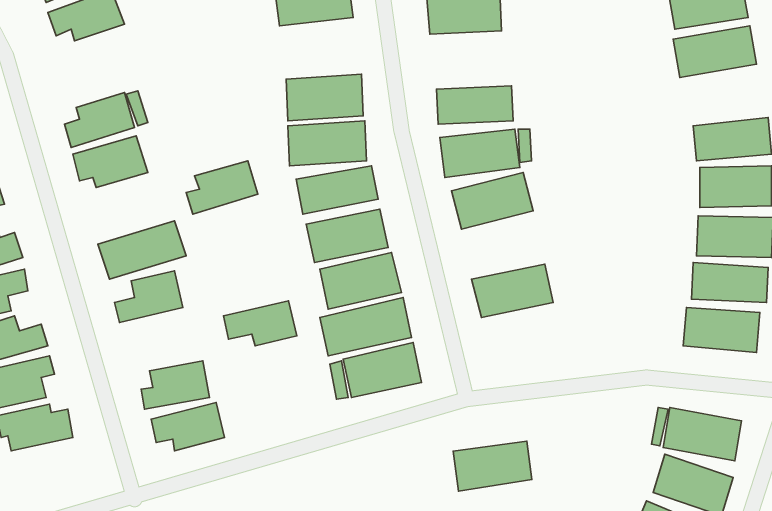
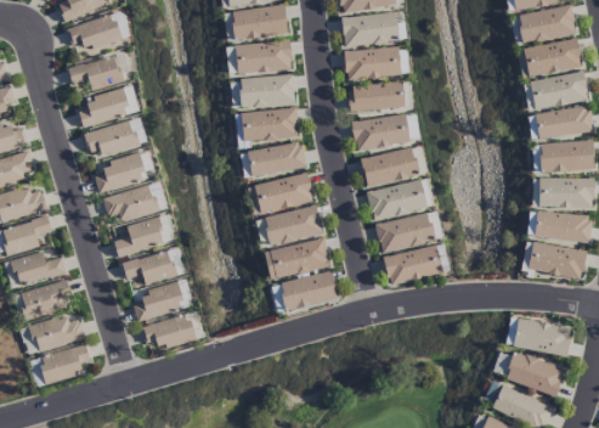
building: none -> [236,41,292,72]
building: none -> [344,47,400,78]
building: none -> [68,56,123,89]
building: none -> [529,71,588,111]
building: [186,161,258,214] -> [95,153,147,192]
building: none -> [367,179,426,220]
building: [223,301,297,346] -> [122,250,175,283]
building: [453,441,532,491] -> [384,247,441,283]
building: none -> [36,345,90,384]

